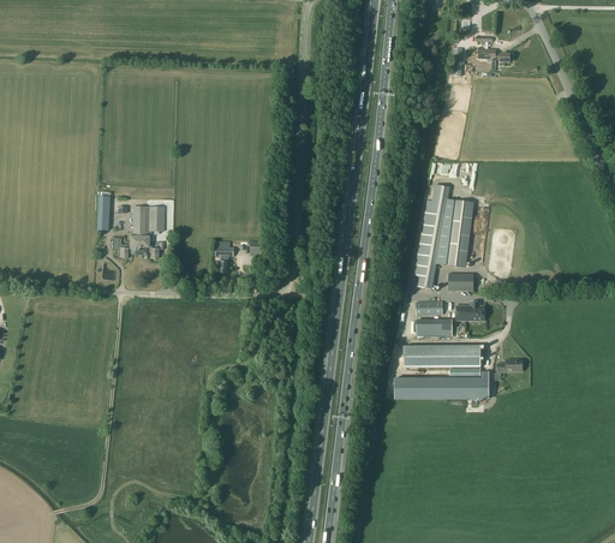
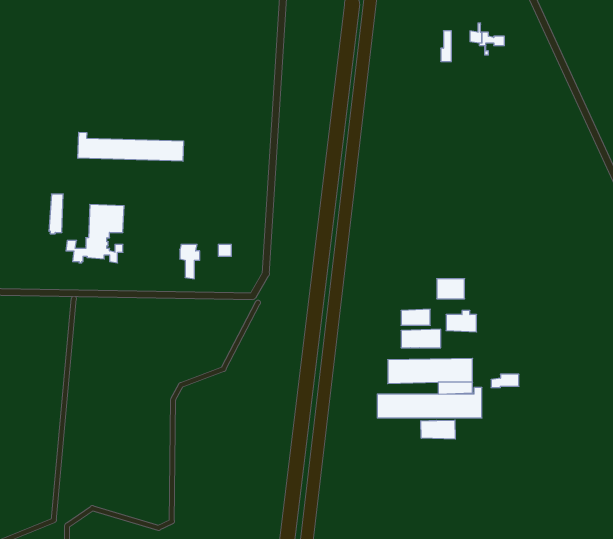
building: none -> [78,132,183,161]
building: [418,184,473,288] -> none
building: none -> [421,420,455,439]

